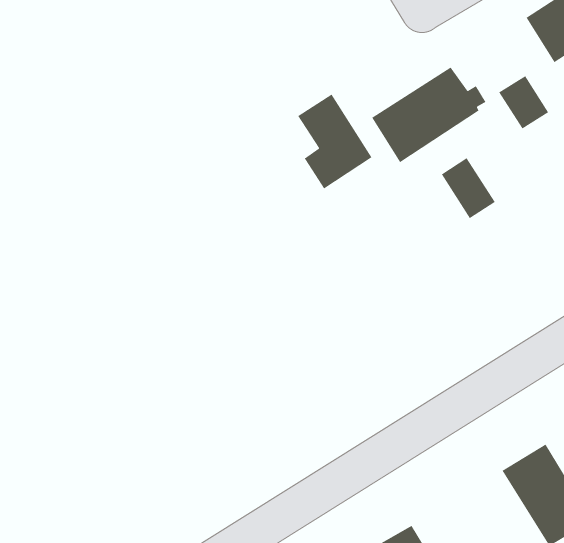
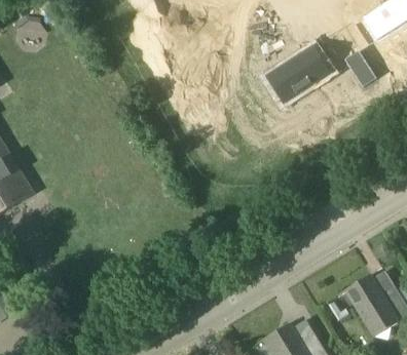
building: [297,94,372,190] -> none
building: [441,157,496,219] -> none

